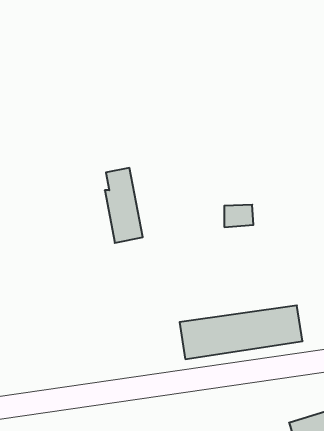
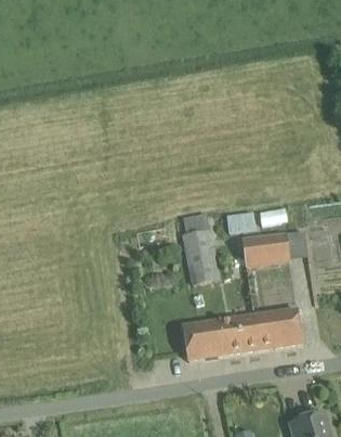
building: [105,168,143,243] -> [182,209,219,282]
building: none -> [242,232,289,265]

